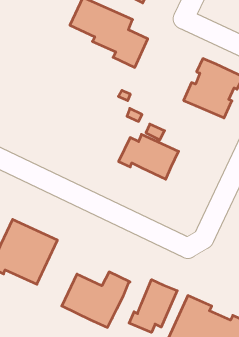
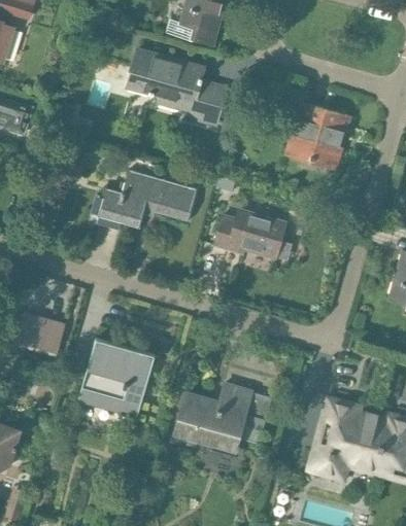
building: none -> [99,171,197,229]
building: [129,280,177,332] -> none

